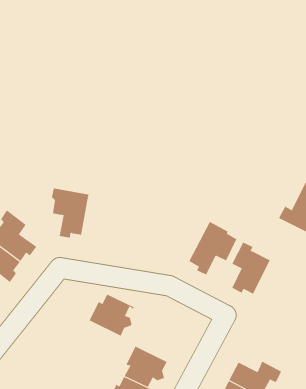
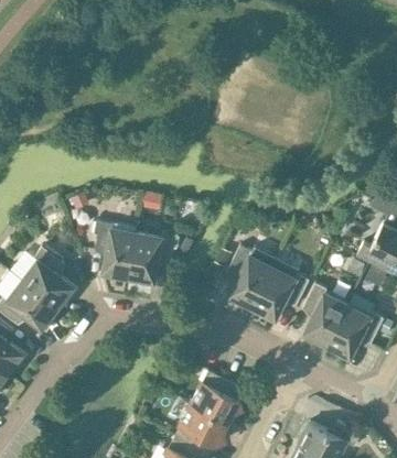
building: none -> [128,235,179,287]
building: none -> [226,247,276,307]
building: none -> [326,294,383,362]
building: [89,294,134,337] -> [190,374,243,424]

